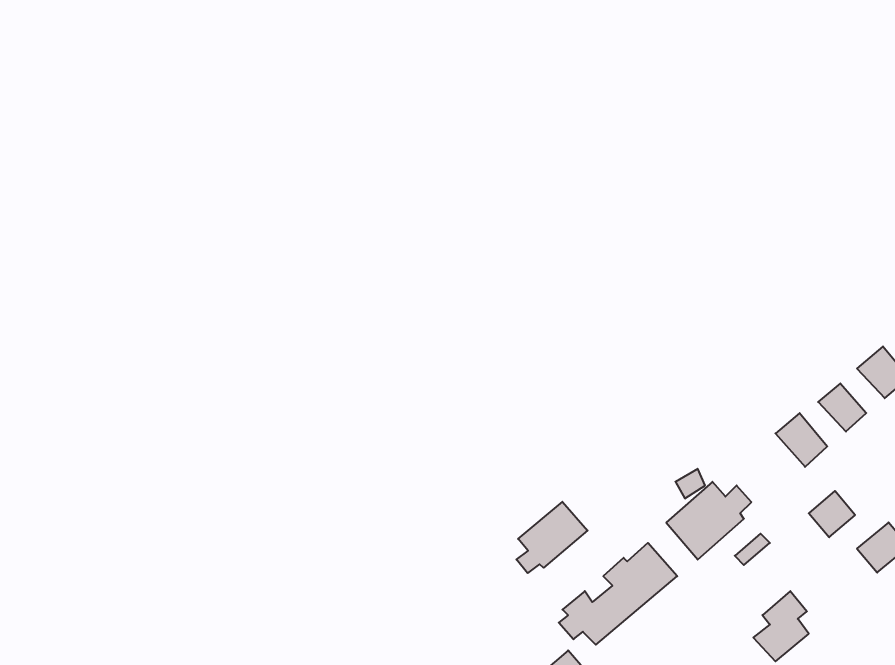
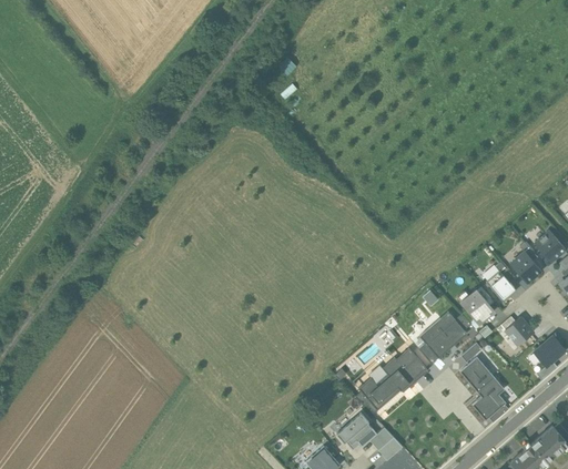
building: none -> [462,290,493,323]
building: [516,502,588,573] -> none
building: none -> [459,357,494,391]

